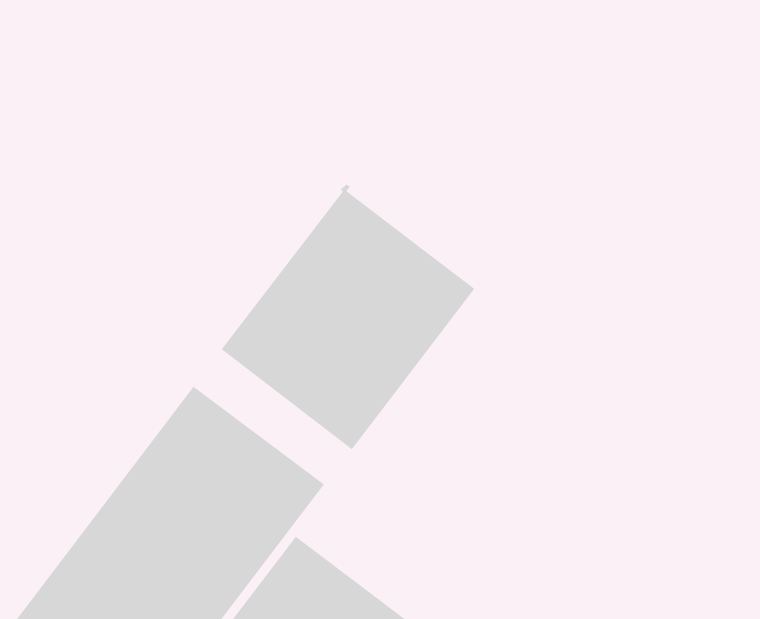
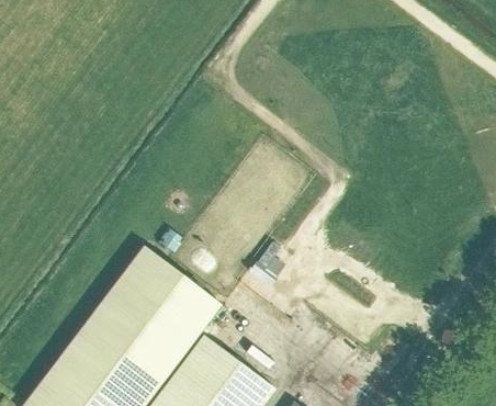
building: [221,184,475,450] -> none

